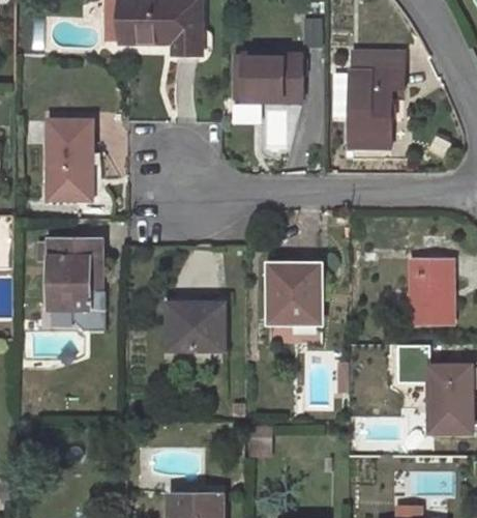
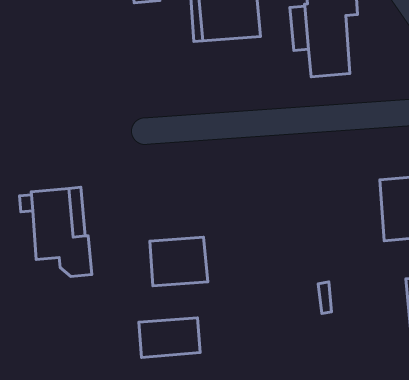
building: [49,121,92,199] -> none
building: [269,264,322,323] -> none
building: none -> [139,318,200,358]

